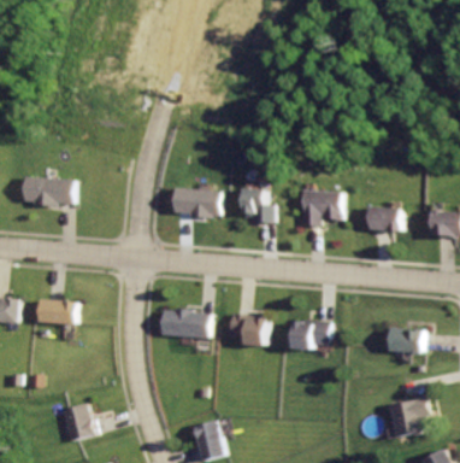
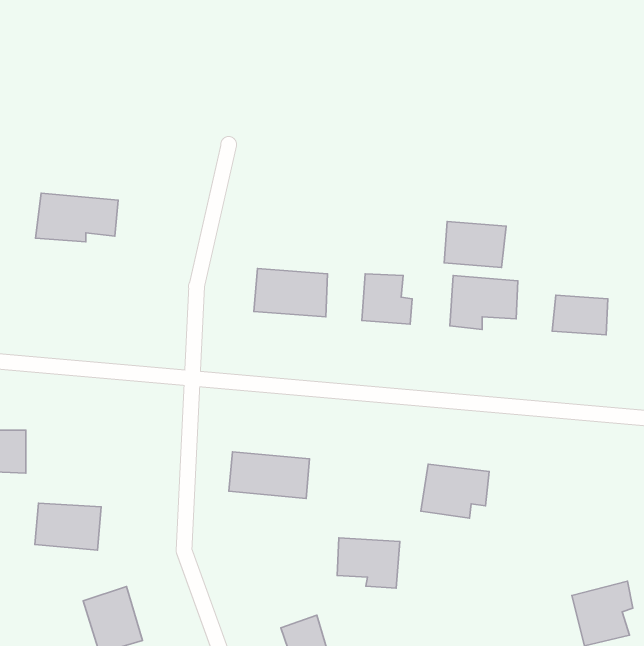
building: none -> [444,221,506,267]
building: [22,175,77,207] -> [36,193,118,242]
building: [36,294,81,326] -> [35,503,101,550]
building: [226,310,269,344] -> [337,538,400,588]
building: [385,324,419,353] -> none

